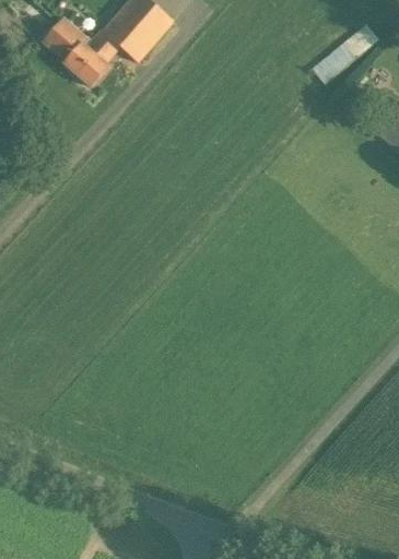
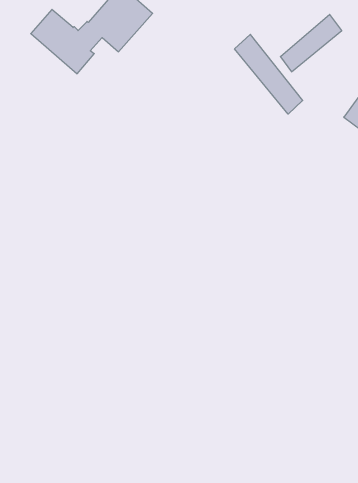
building: none -> [235,34,303,114]

